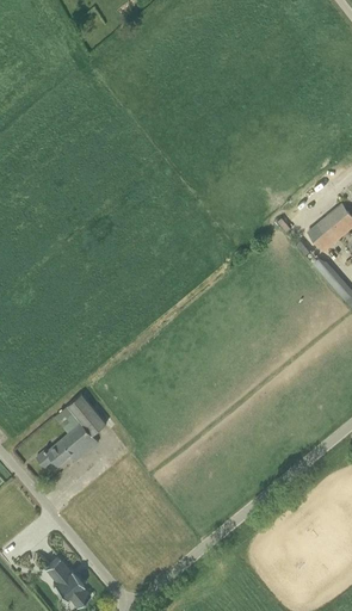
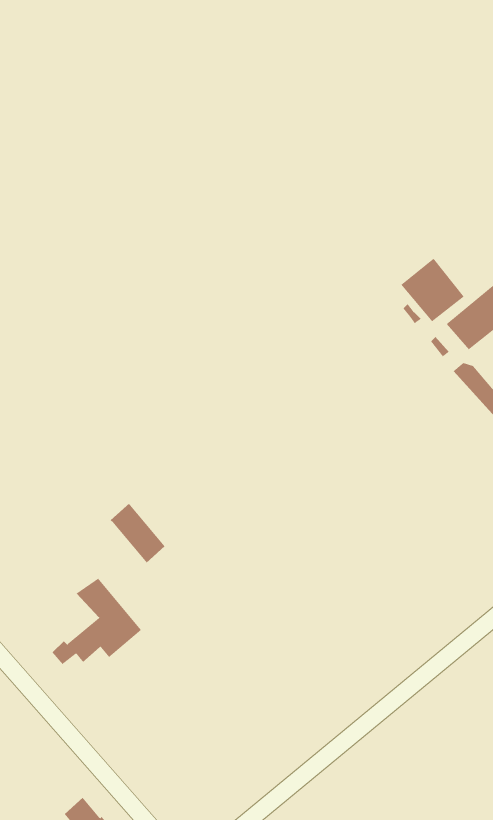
building: none -> [401,258,464,322]
building: [68,394,106,436] -> [110,503,165,564]

